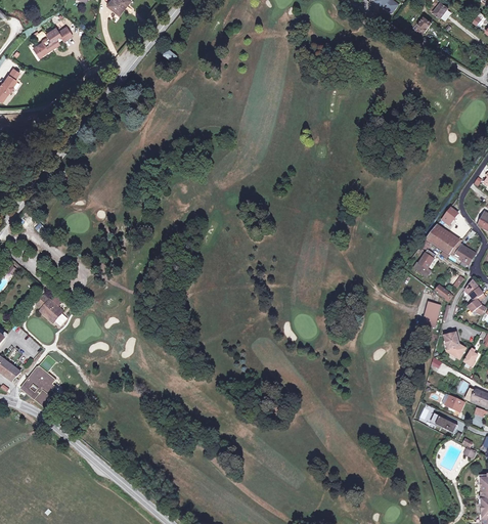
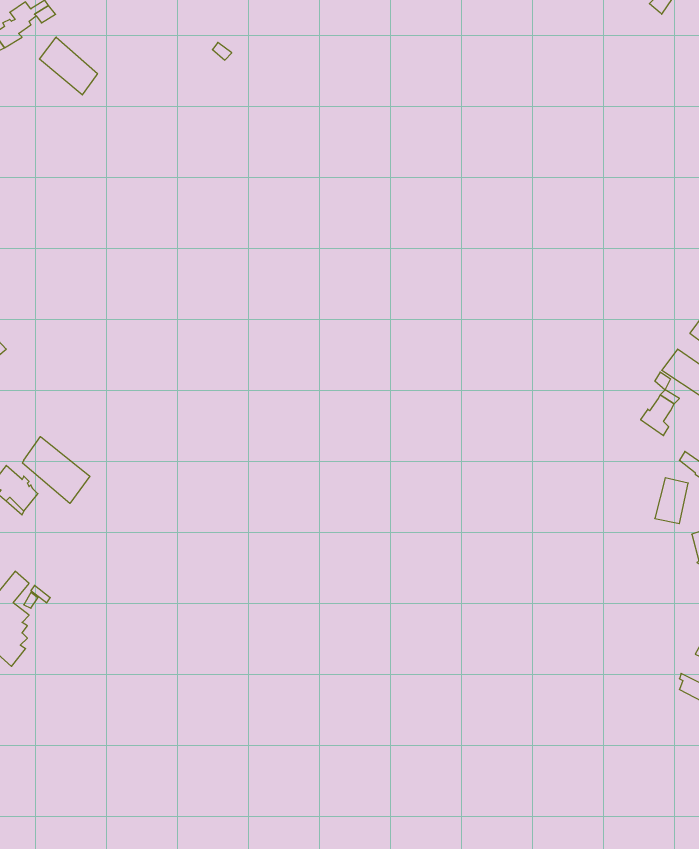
building: none -> [39,37,97,95]
building: none -> [22,437,90,503]

